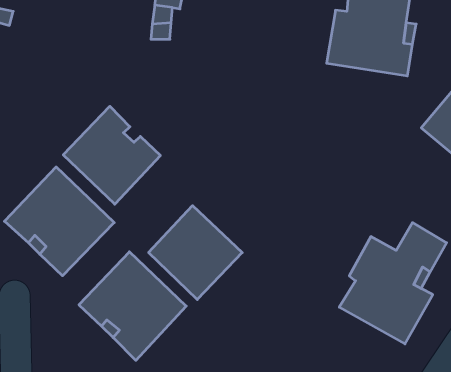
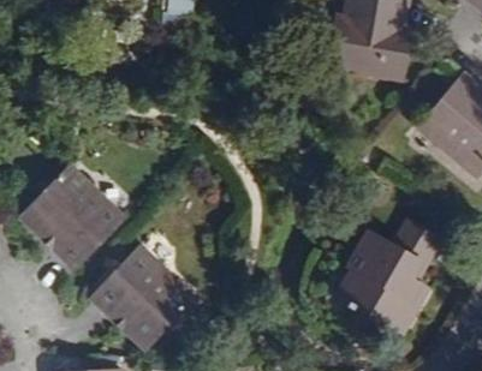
building: [63,106,160,204] -> none
building: [149,206,242,300] -> none

